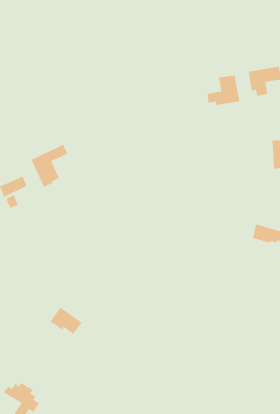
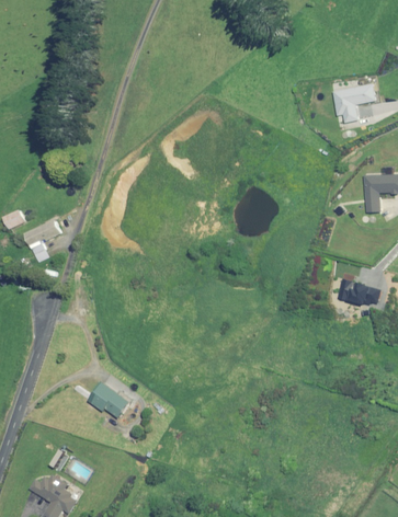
building: [207,74,240,106] -> none
building: [31,144,68,188] -> none

